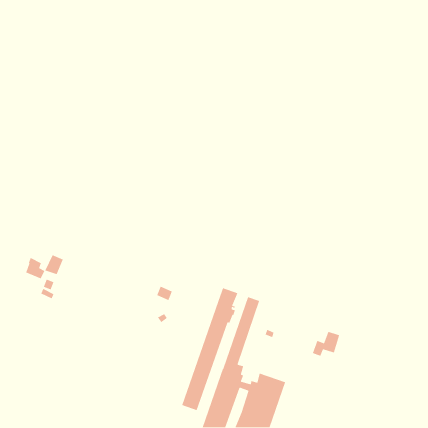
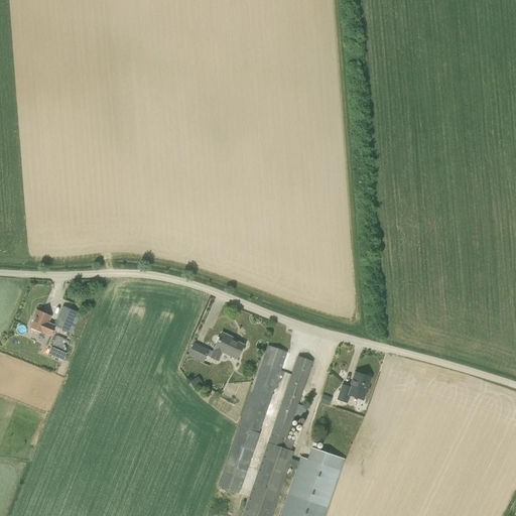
building: none -> [207,333,244,361]
building: [312,331,340,357] -> [337,372,371,403]

